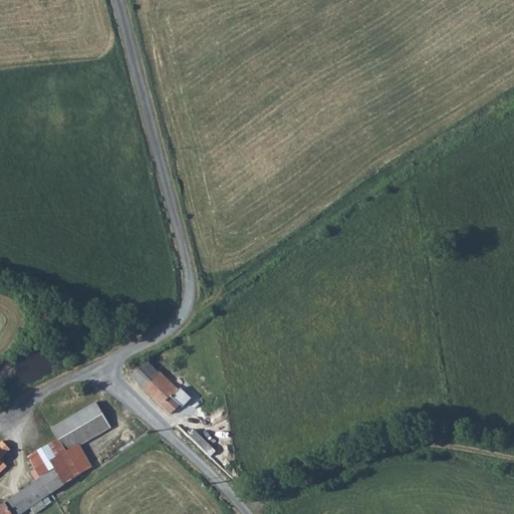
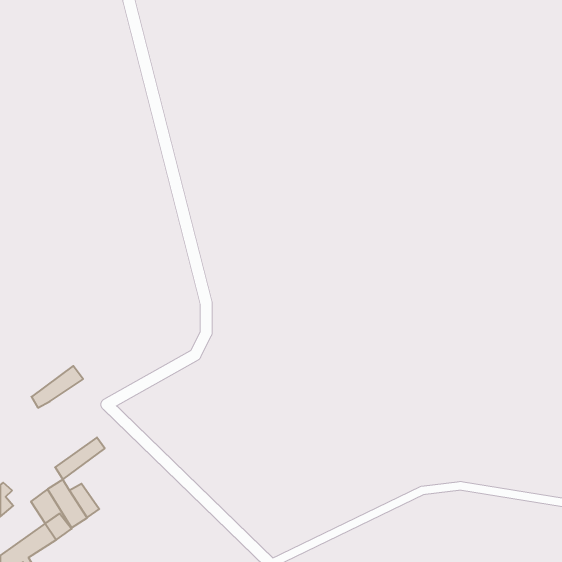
building: [135,363,183,417] -> none
building: [58,410,105,448] -> [31,366,83,408]

